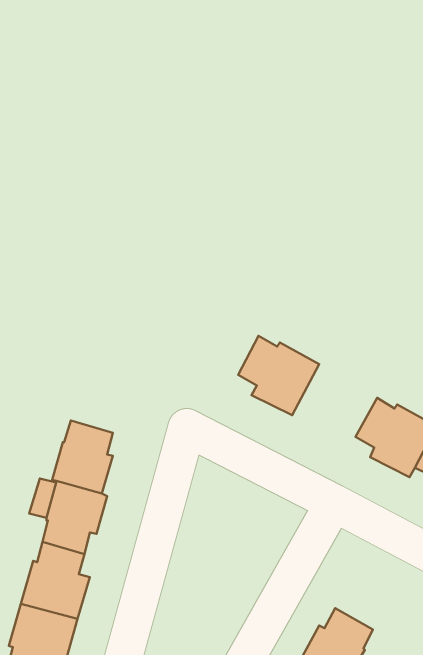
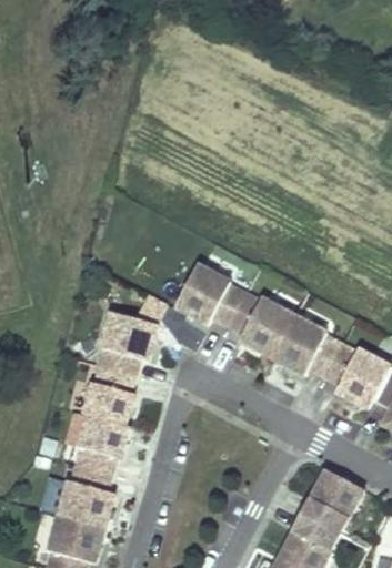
building: none -> [178,266,247,326]
building: none -> [92,310,150,374]
building: none -> [274,317,344,377]
building: none -> [310,471,366,536]

